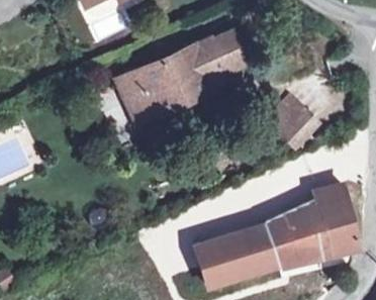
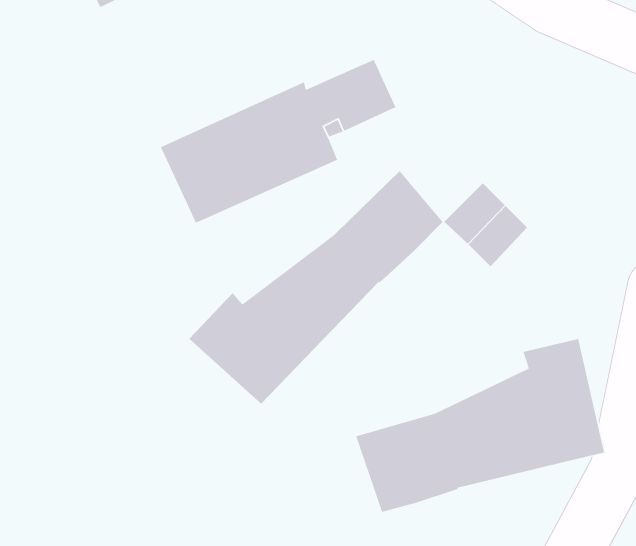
building: none -> [188,170,443,404]
building: [194,236,237,285] -> none

